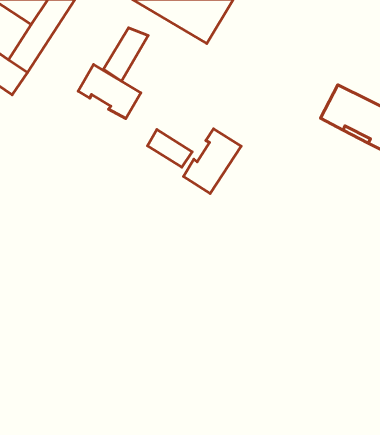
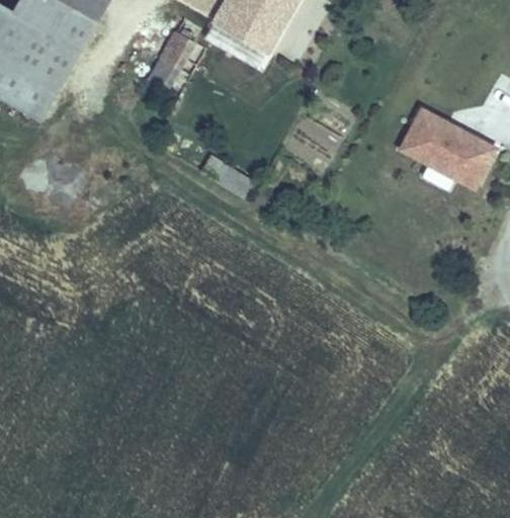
building: [78,65,141,119] -> none
building: [183,129,241,194] -> none

